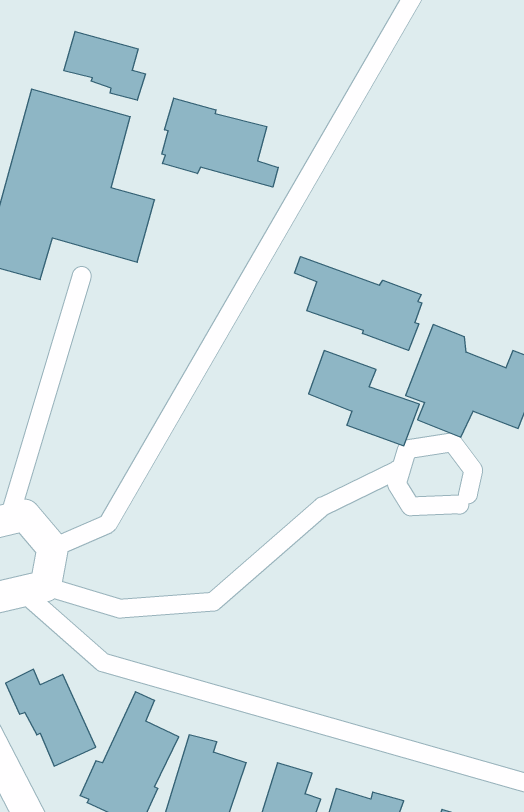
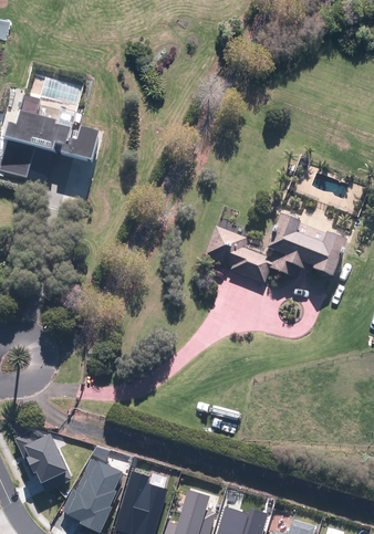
building: [64,31,146,100] -> none
building: [162,98,278,187] -> none
building: [295,257,422,350] -> none

